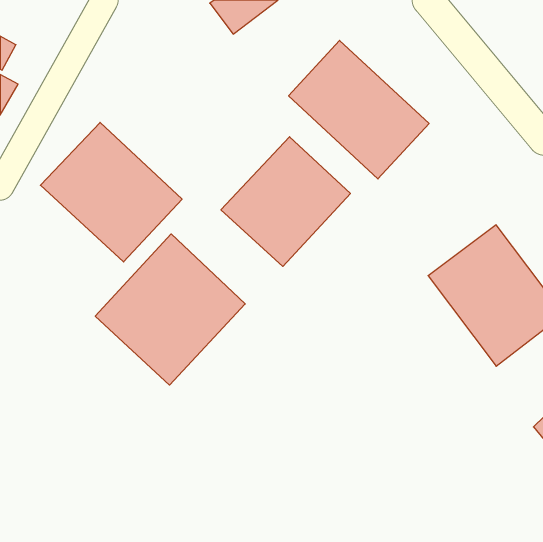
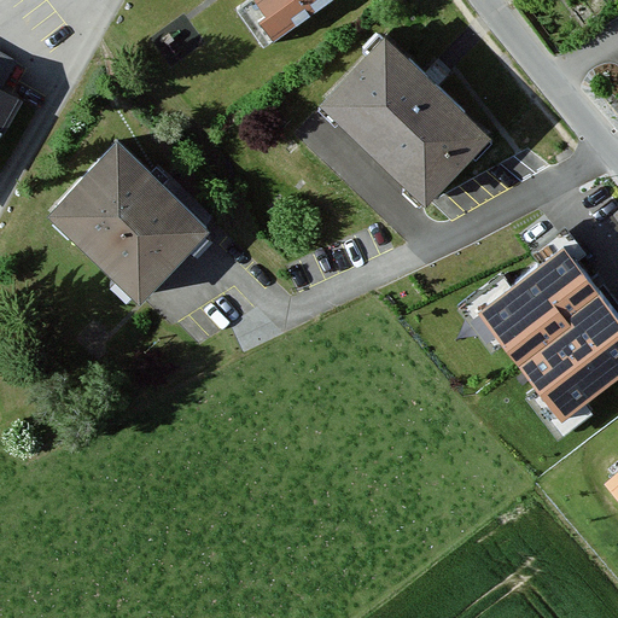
building: [221,137,350,266] -> none
building: [95,234,245,385] -> none

